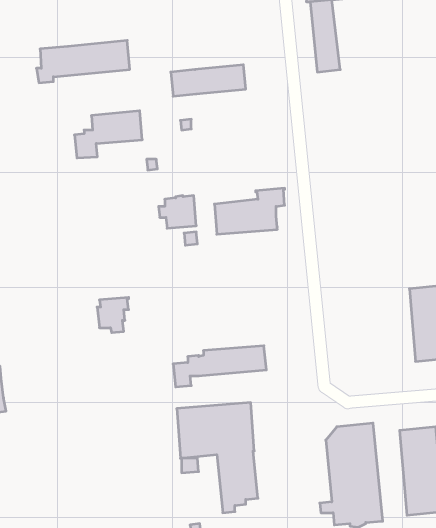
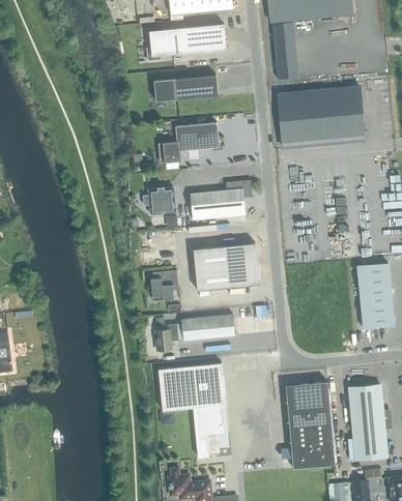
building: [36,40,130,83] -> [146,24,226,60]
building: none -> [278,87,365,146]
building: [74,111,142,158] -> [161,122,219,163]
building: none -> [193,243,262,291]
building: [97,297,129,333] -> [150,270,177,300]

